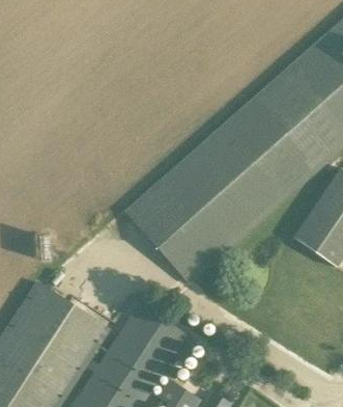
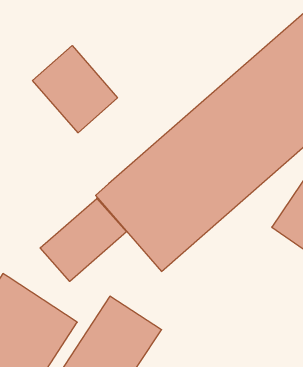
building: none -> [33,46,117,133]
building: none -> [40,198,126,281]

